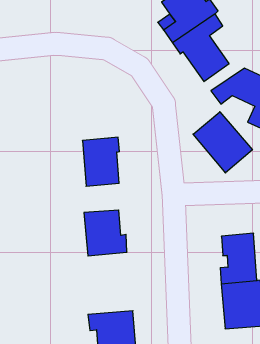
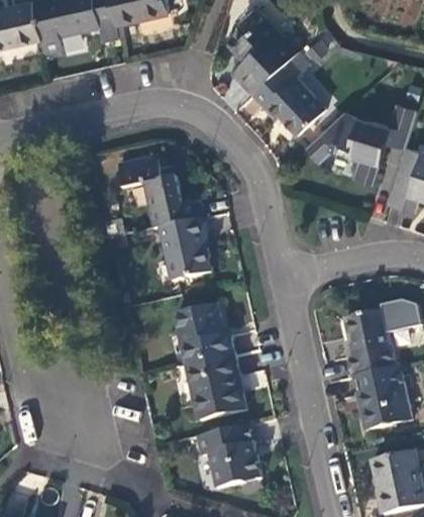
building: none -> [118,156,203,228]
building: [193,112,252,173] -> none
building: none -> [187,354,246,419]

